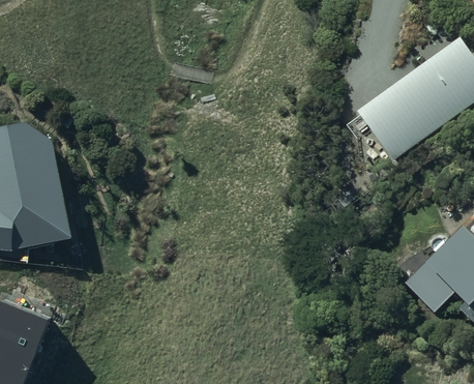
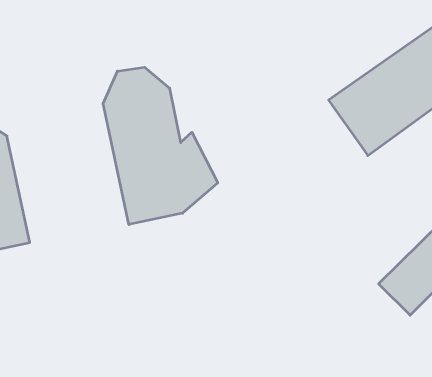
building: none -> [103,67,218,225]

